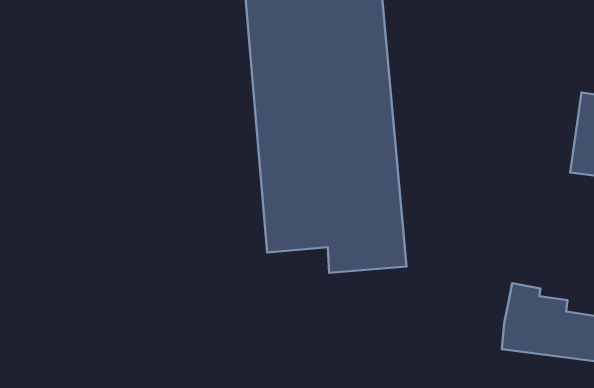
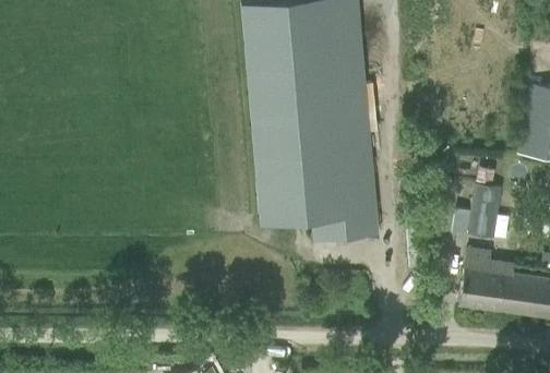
building: none -> [467,185,501,239]

